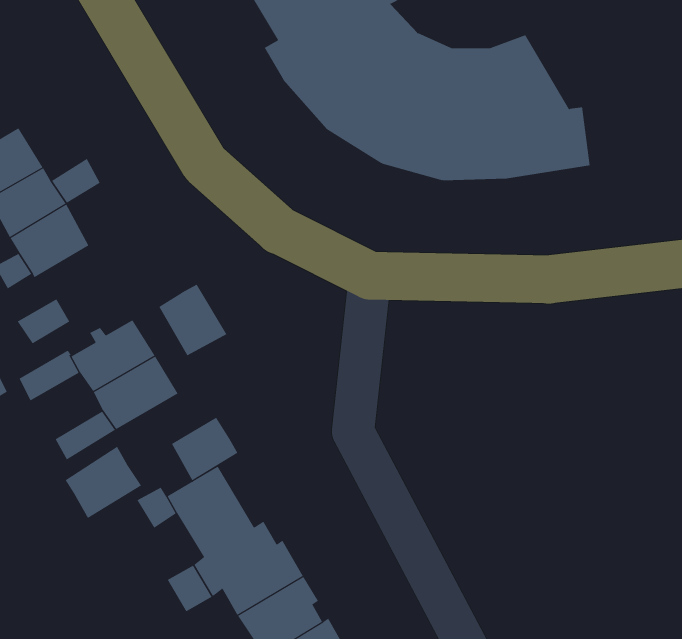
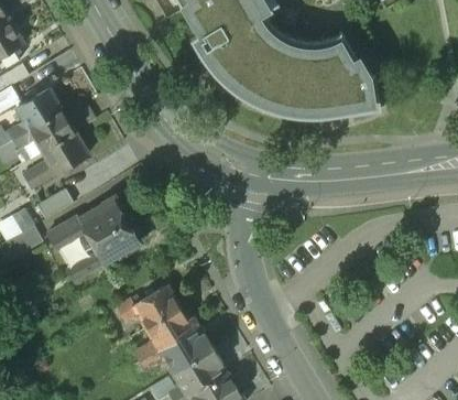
building: [158,284,227,356] -> none
building: [171,417,238,481] -> none
building: [65,446,142,519] -> none

